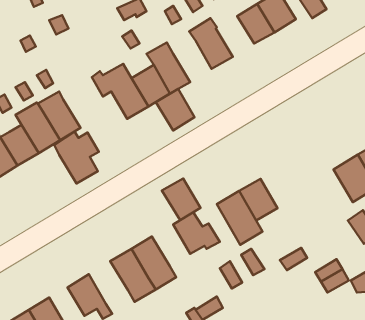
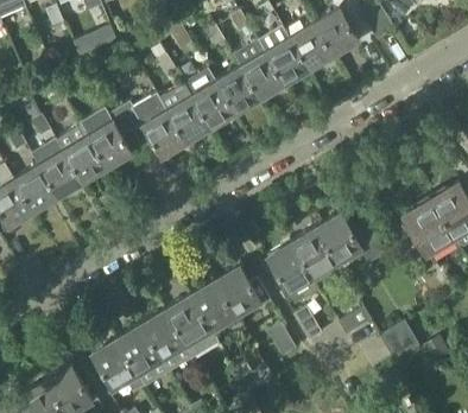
building: none -> [265,38,310,85]
building: [156,89,194,131] -> [215,66,260,115]
building: [54,132,99,183] -> [81,108,133,169]
building: none -> [317,214,385,262]
building: [162,178,201,220] -> [190,281,235,330]
building: none -> [116,324,170,387]

